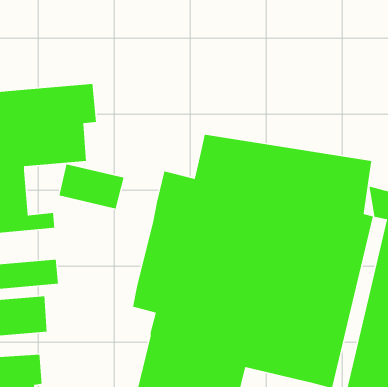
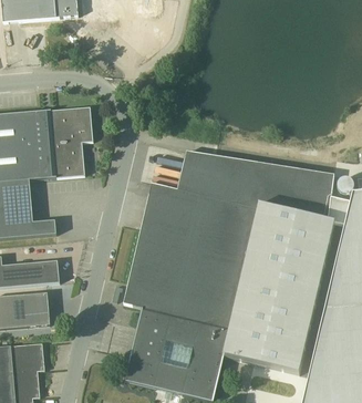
building: [58,163,125,210] -> none

